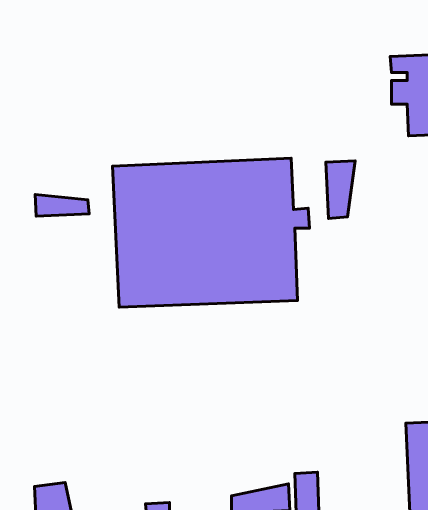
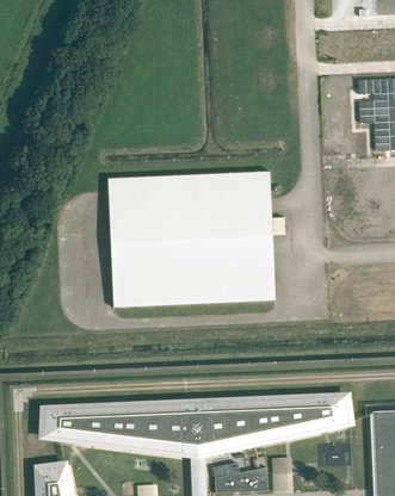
building: [326,161,355,219] -> none
building: [35,194,89,216] -> none
building: none -> [44,396,348,454]

